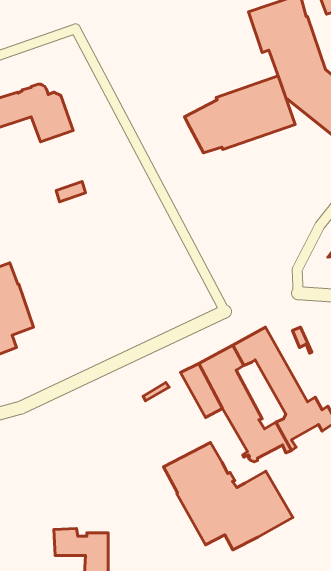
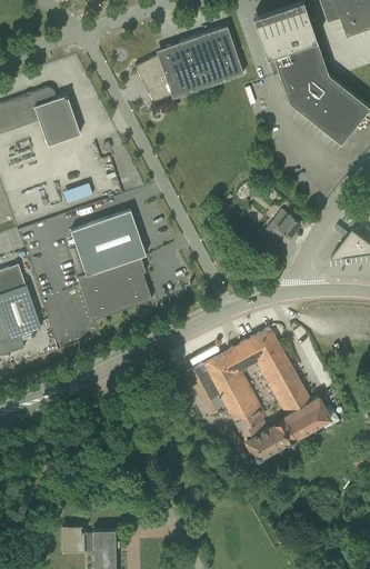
building: [184,76,295,153] -> [134,27,243,102]
building: none -> [70,210,152,321]
building: none -> [266,210,300,240]
building: [163,442,293,550] -> none

